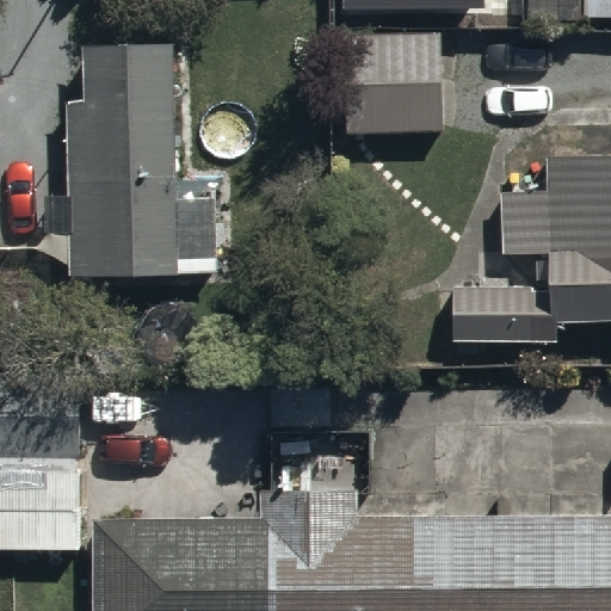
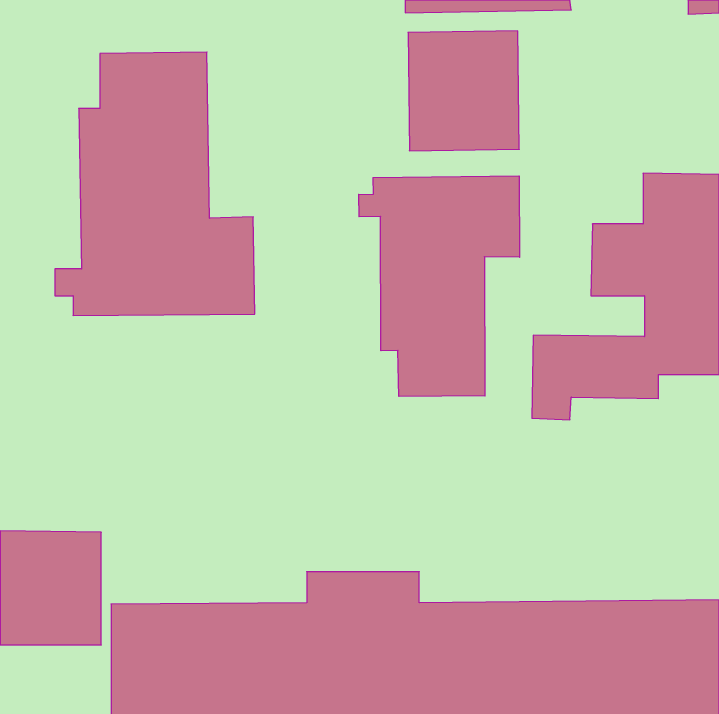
building: none -> [359,176,520,396]

